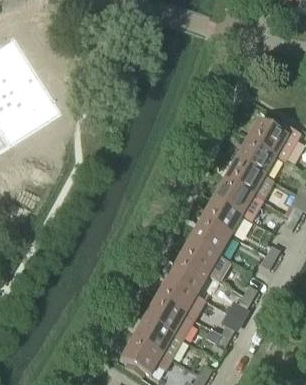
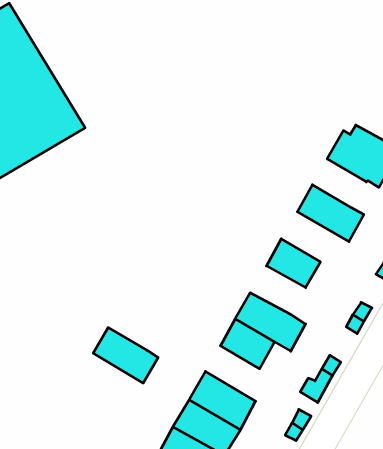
building: [236,139,276,175] -> none
building: [213,178,263,220] -> none
building: [190,218,231,254] -> none
building: [157,277,205,318] -> [93,328,158,383]

